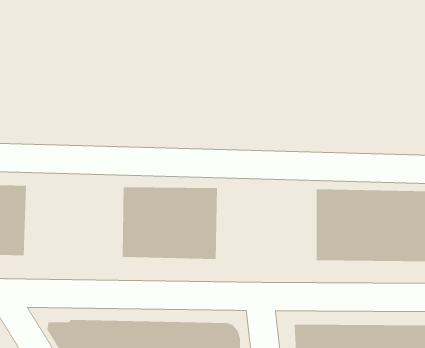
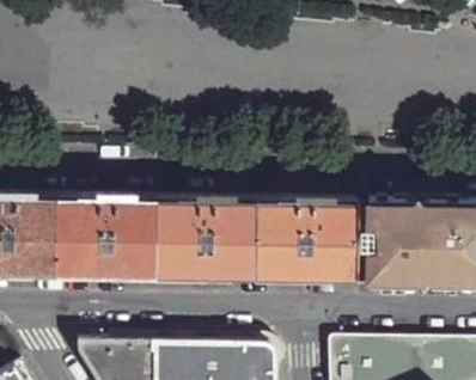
building: none -> [54,200,155,274]
building: none -> [252,202,355,277]

